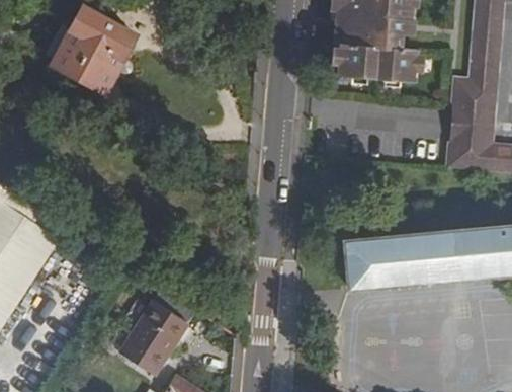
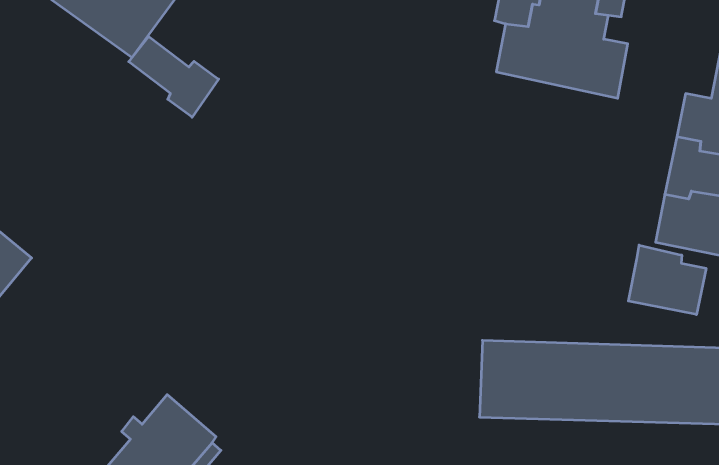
building: none -> [129,37,219,117]
building: none -> [628,245,706,315]

